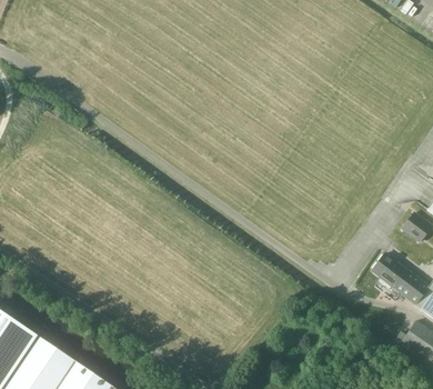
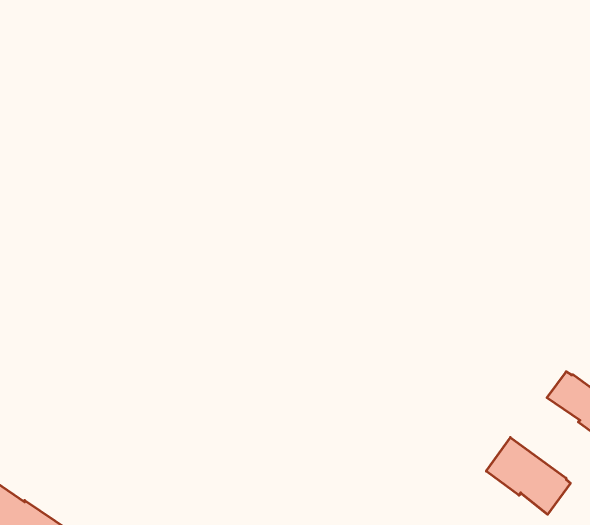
building: none -> [486,437,570,514]

